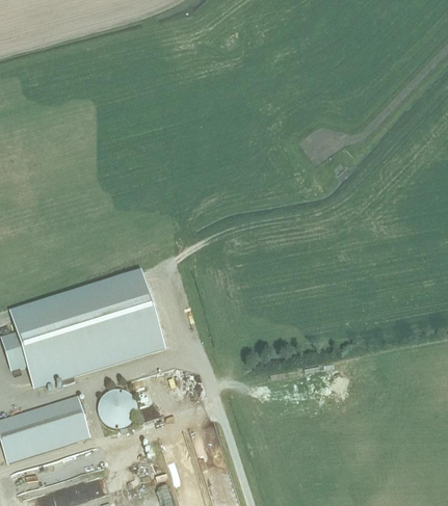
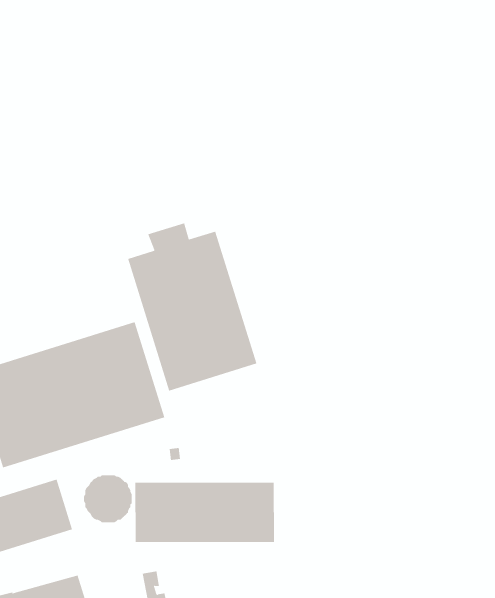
building: none -> [127,223,257,391]
building: none -> [135,482,275,543]

